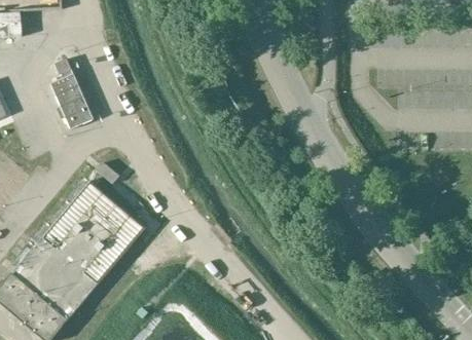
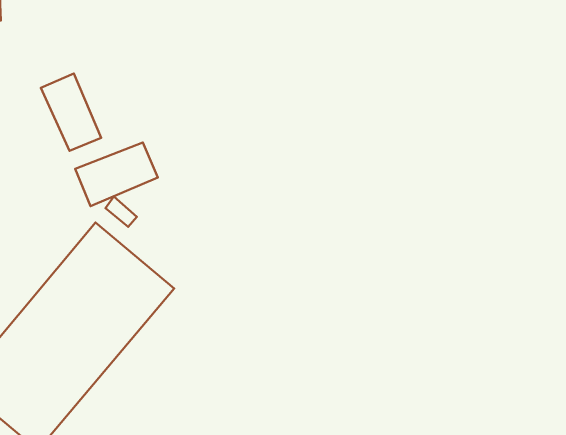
building: none -> [75,143,158,206]

